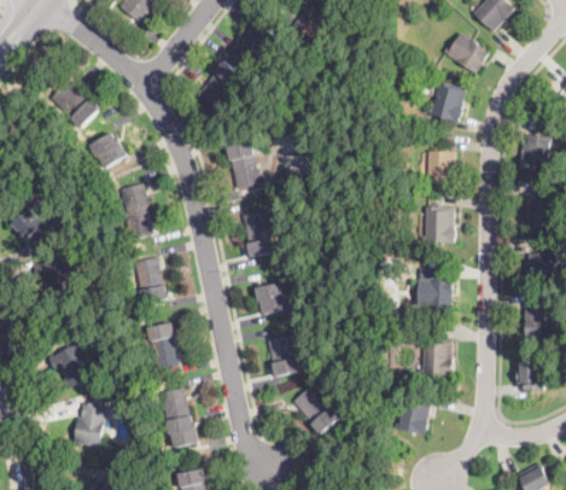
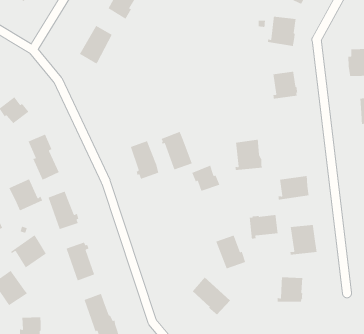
building: [224,141,259,188] -> [160,131,193,171]
building: [420,206,455,243] -> [235,139,263,171]
building: none -> [8,178,43,211]
building: [253,282,287,314] -> [191,165,221,192]
building: none -> [10,234,47,269]
building: none -> [249,214,278,240]
building: [266,336,299,377] -> [215,234,246,269]

